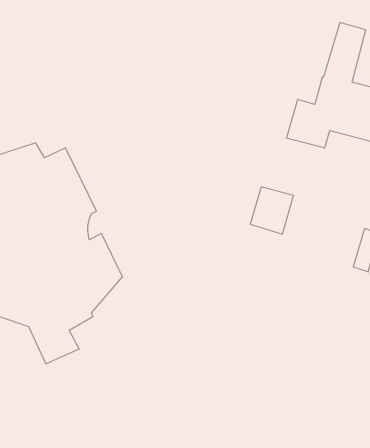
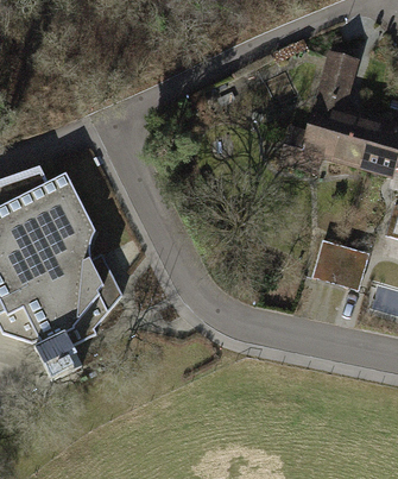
building: [250,187,294,234] -> [311,240,353,285]

